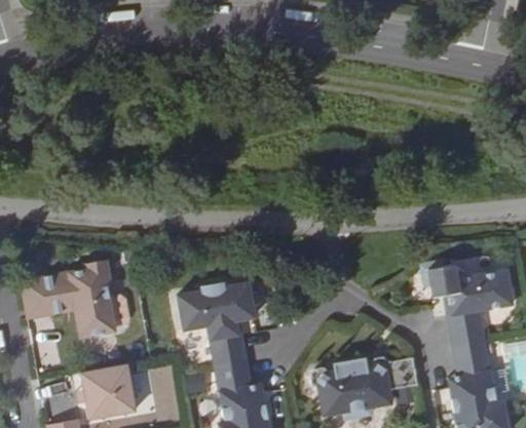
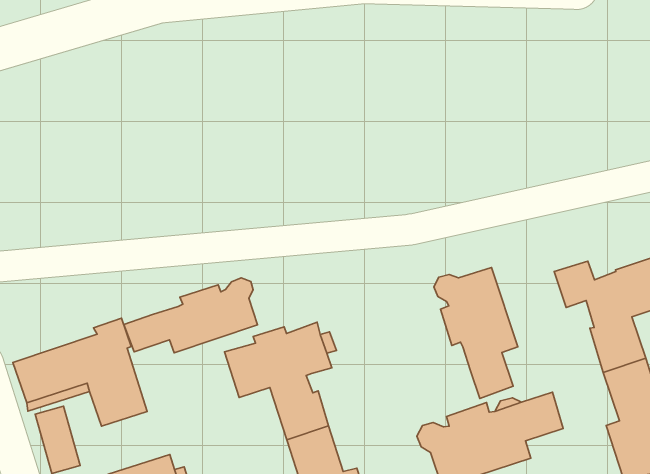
building: none -> [124,278,258,353]
building: none -> [434,267,518,399]

